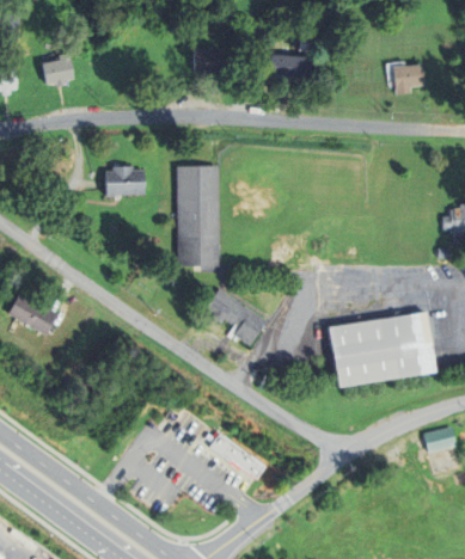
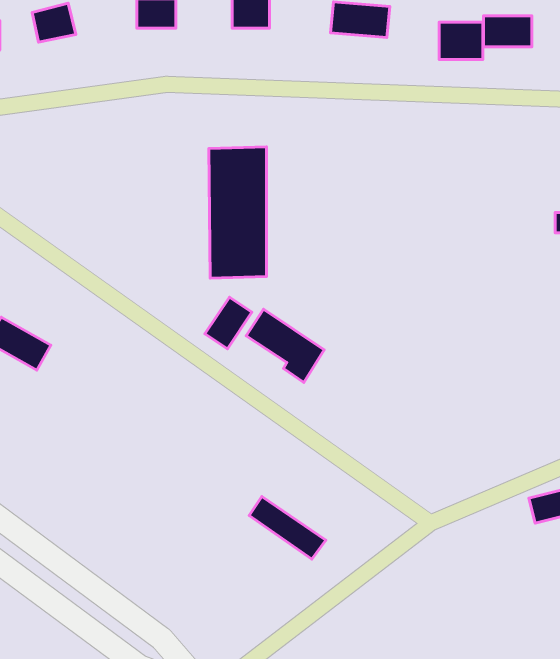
building: none -> [439,22,483,59]
building: [104,168,146,195] -> none
building: none -> [205,297,252,349]
building: [329,311,435,387] -> none

